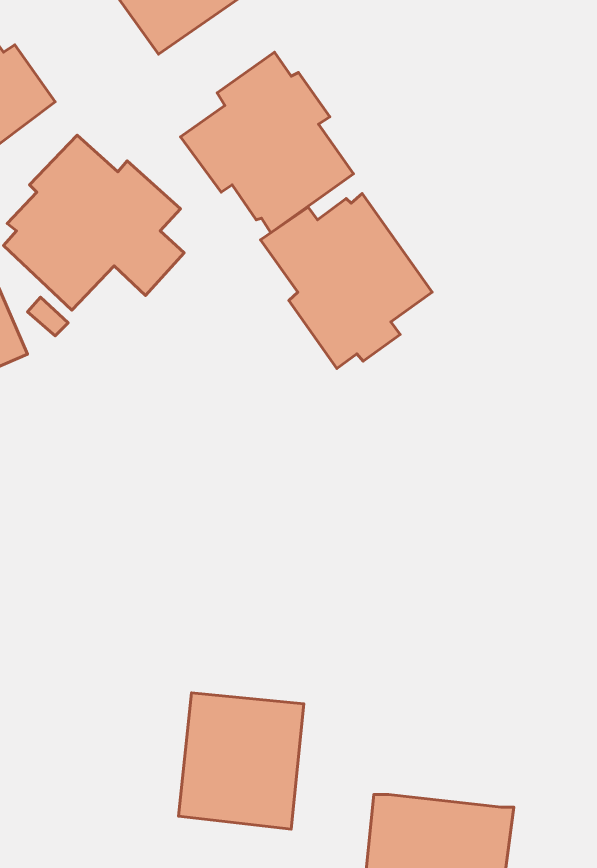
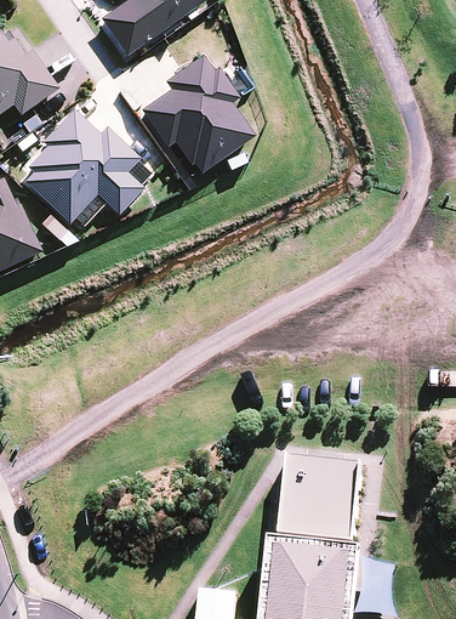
building: [261,194,432,368] -> none
building: [179,693,304,829] -> [278,461,360,551]

